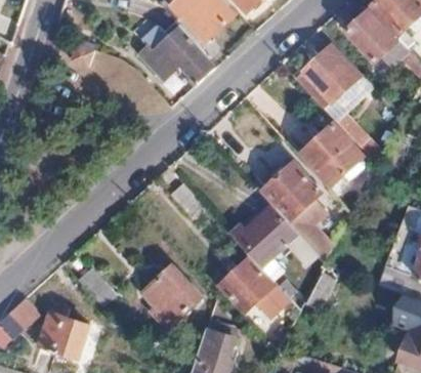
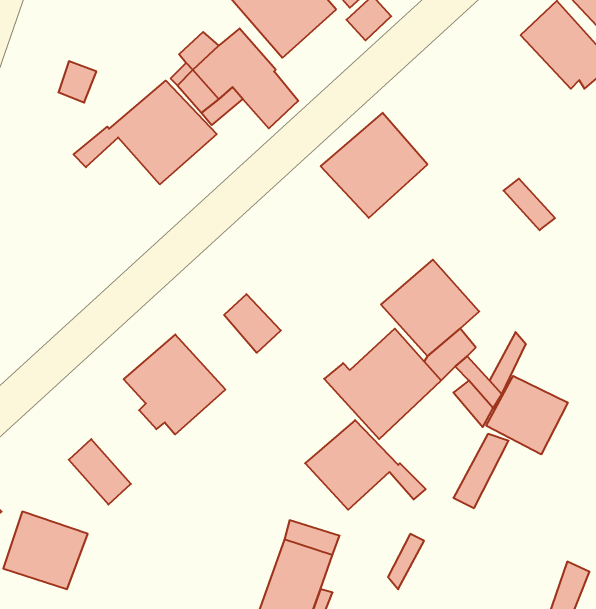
building: [295,45,359,108] -> [321,113,427,218]
building: none -> [74,81,217,184]
building: [302,123,363,183] -> none
building: none -> [486,376,568,454]
building: [141,264,202,324] -> [124,334,225,434]

